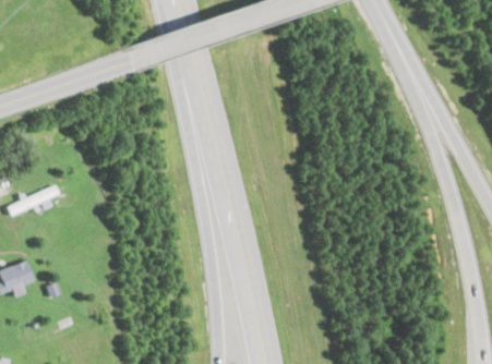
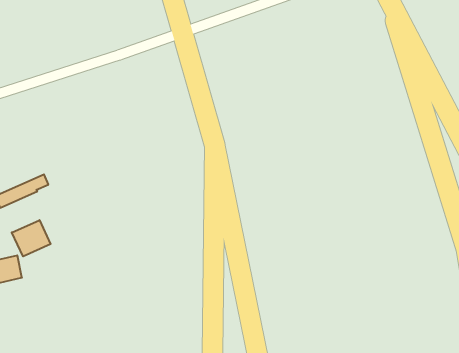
building: none -> [12,220,51,256]

